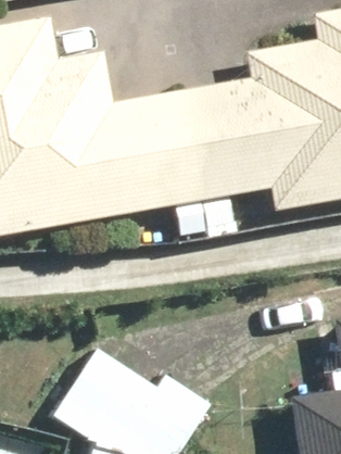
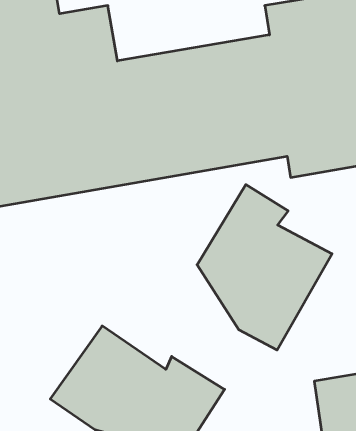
building: none -> [197,185,332,350]

